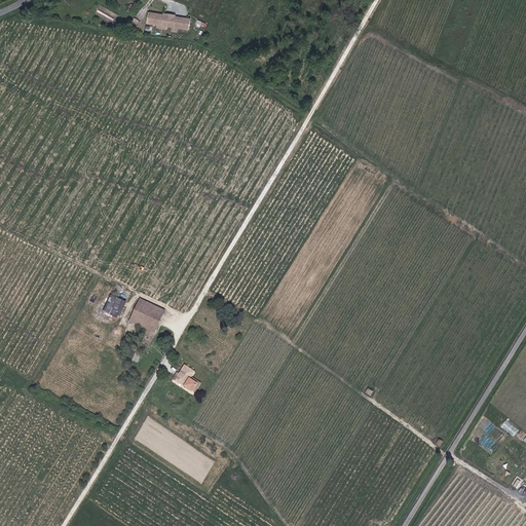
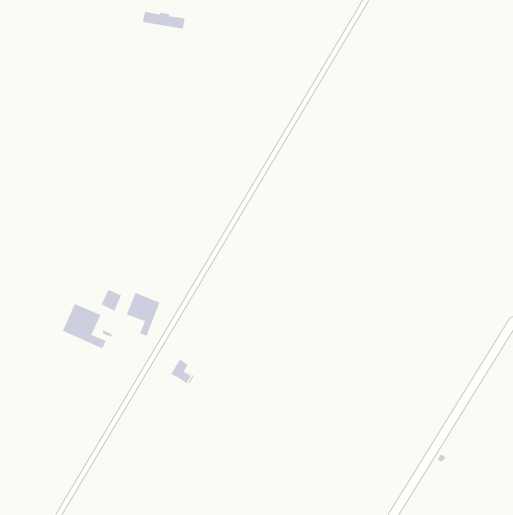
building: none -> [62,303,107,349]

